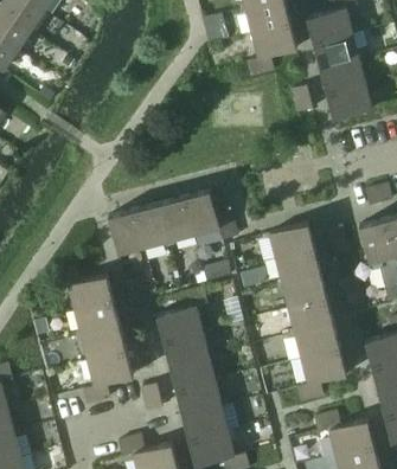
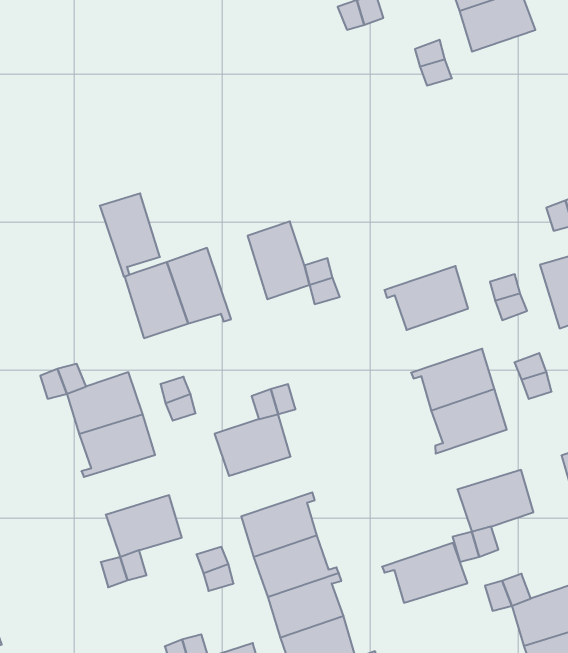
building: [326,84,377,120] -> none
building: [159,198,193,248] -> [100,193,160,277]
building: [276,250,321,287] -> none
building: [289,325,340,359] -> [382,543,467,603]
building: [76,327,127,361] -> none
building: [164,333,213,367] -> none

